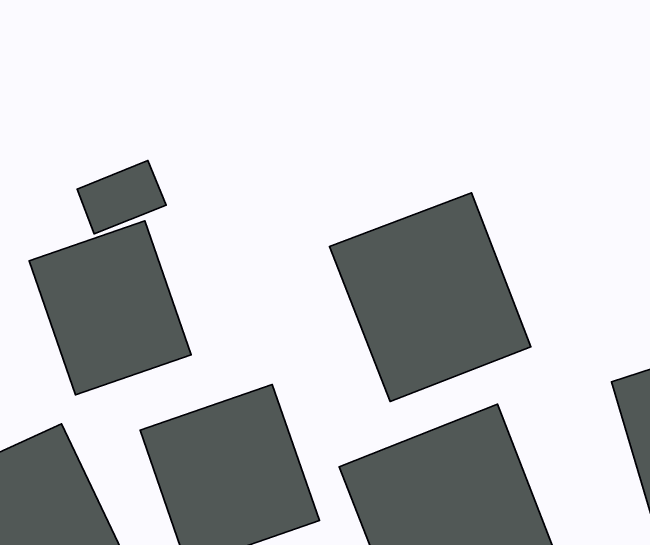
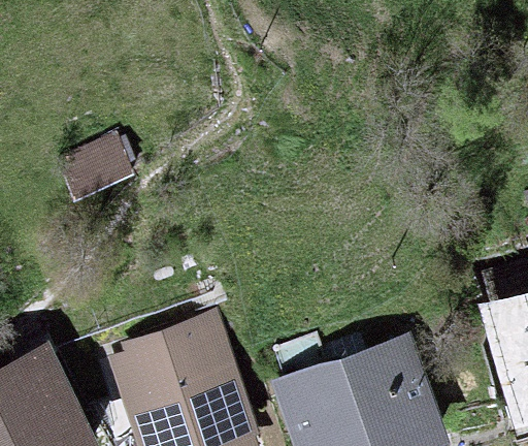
building: [330,193,531,402] -> none
building: [29,221,191,395] -> none

